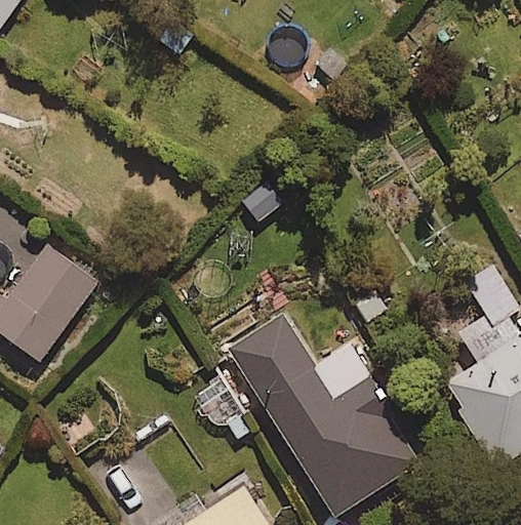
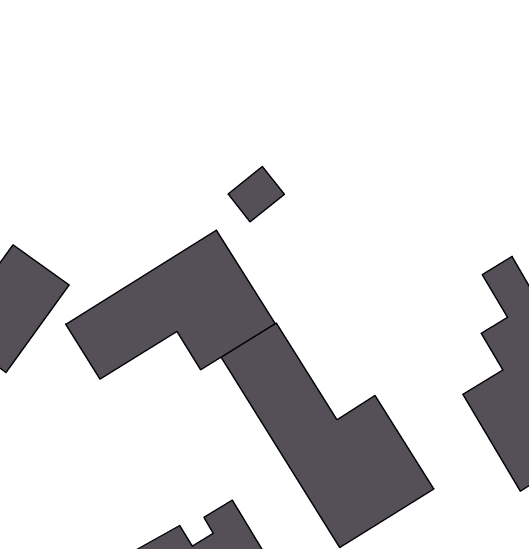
building: none -> [66,230,275,379]

